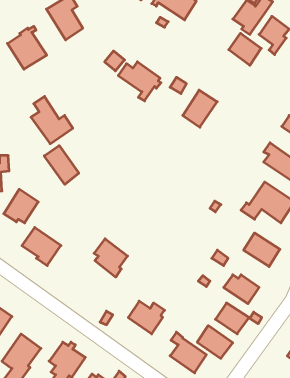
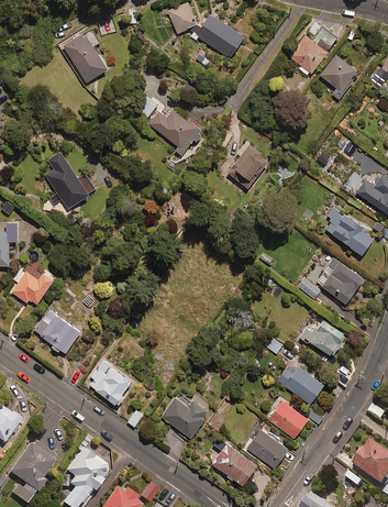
building: [7,26,47,69] -> none
building: [229,33,261,65] -> none
building: [44,146,79,184] -> none
building: [94,239,128,277] -> [90,361,131,407]

